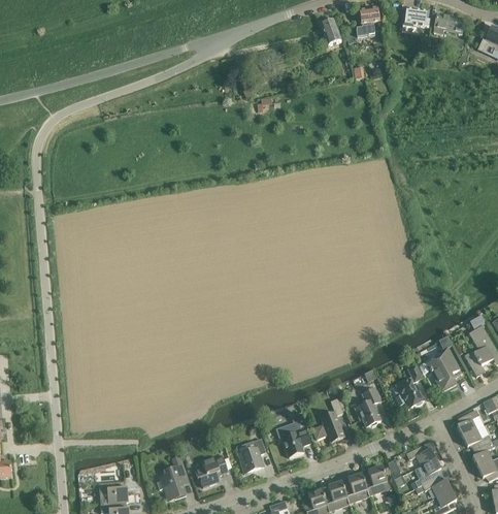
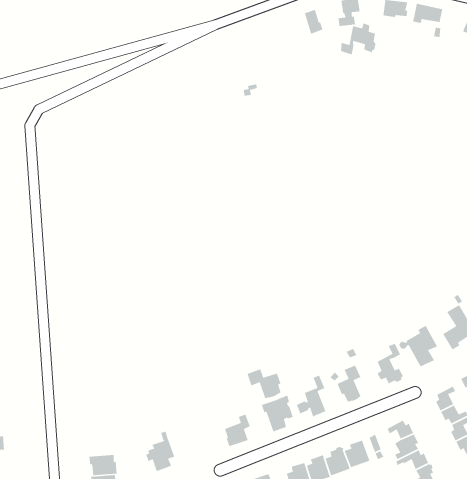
building: none -> [340,22,377,55]
building: none -> [247,368,282,399]
building: [195,455,228,486] -> none

